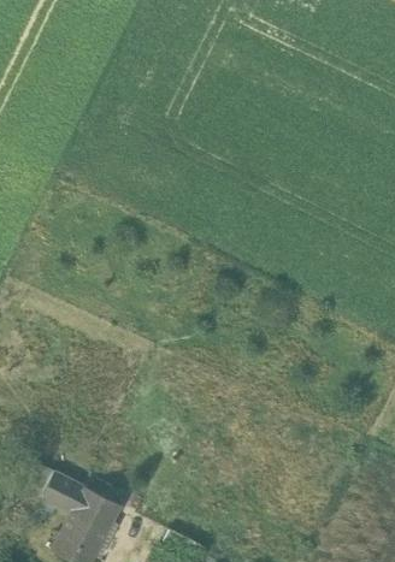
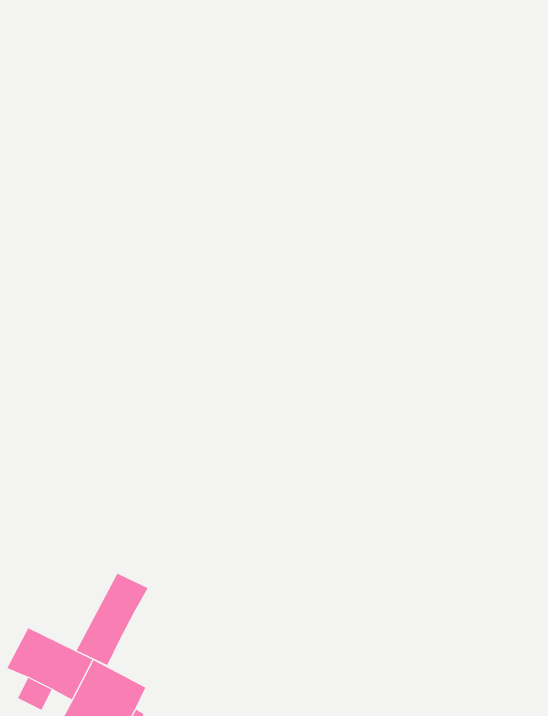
building: none -> [76,573,149,666]

